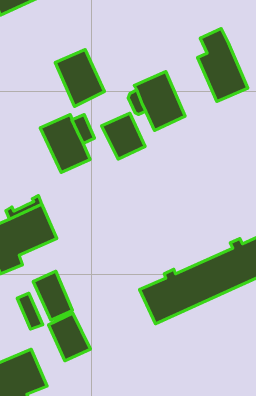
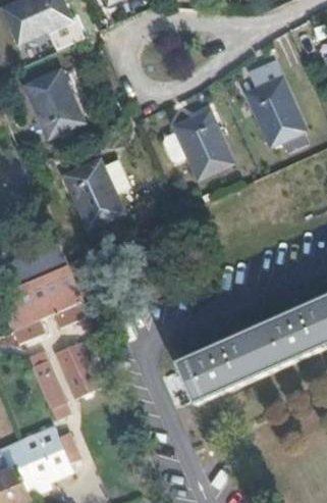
building: [55,49,105,106] -> [24,67,81,134]
building: [101,113,145,159] -> none
building: [48,313,91,361] -> none

